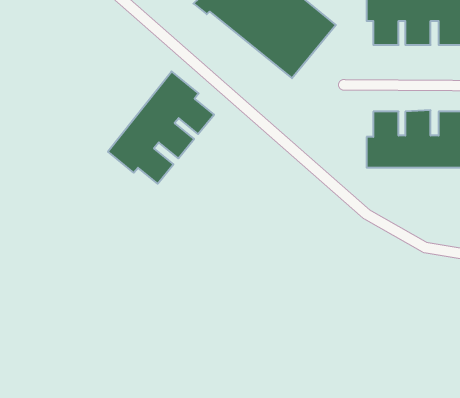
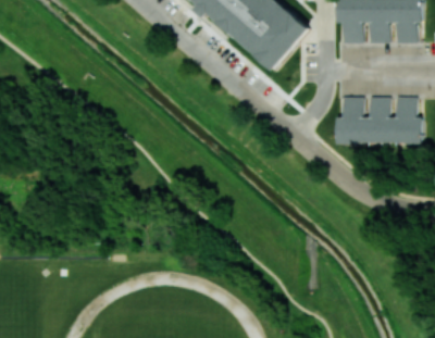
building: [108,71,214,184] -> none

